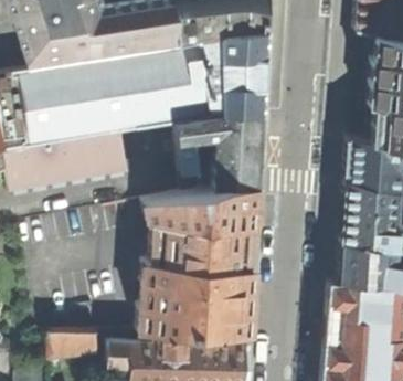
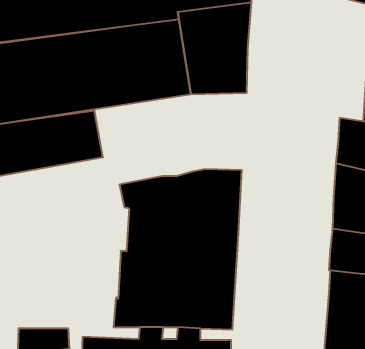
building: [174,116,262,189] -> none

